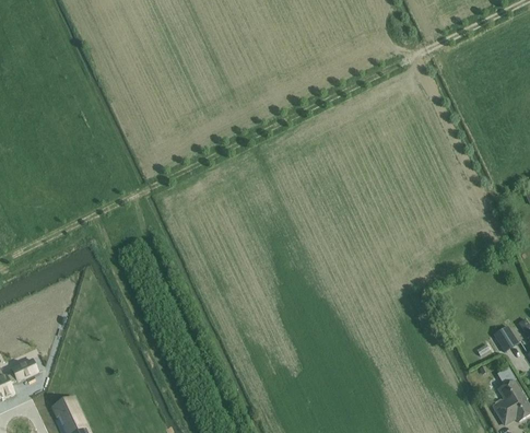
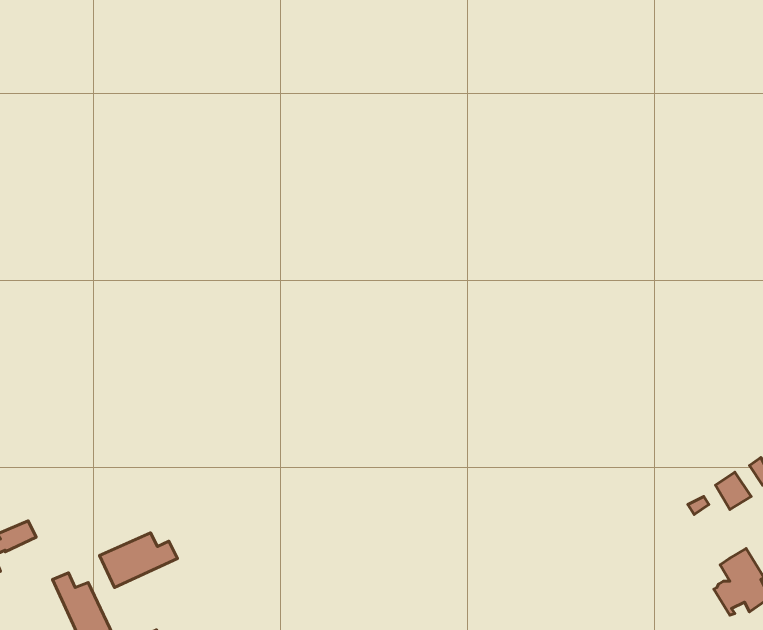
building: none -> [99,533,178,587]

